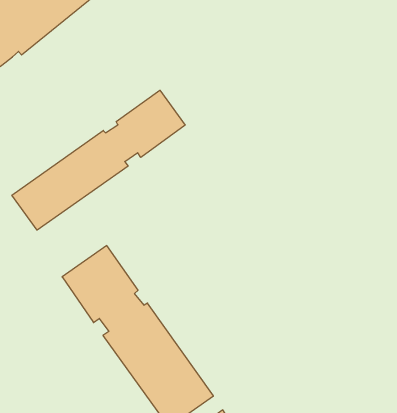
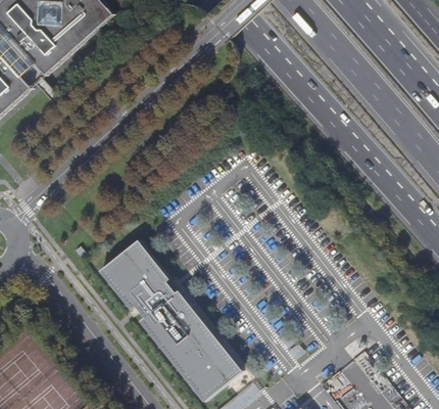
building: [12,90,185,230] -> none

